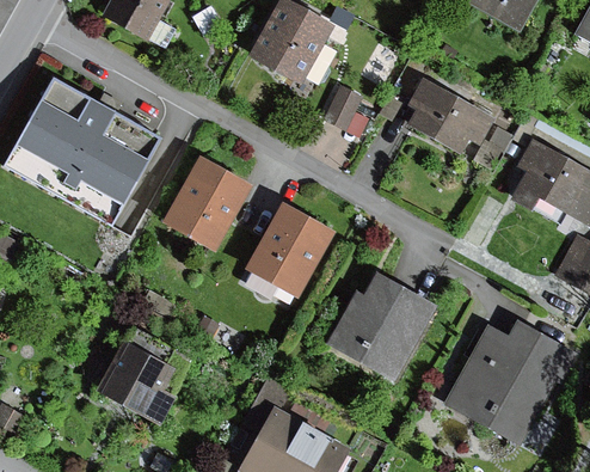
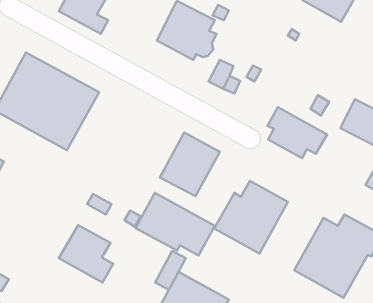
building: [402,82,491,158] -> [267,107,327,158]
building: [166,153,253,246] -> none
building: none -> [135,193,215,256]

